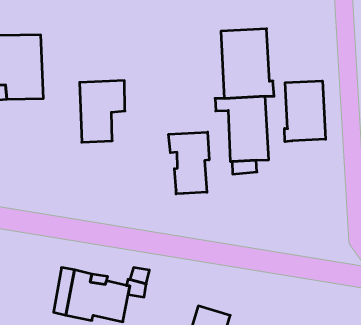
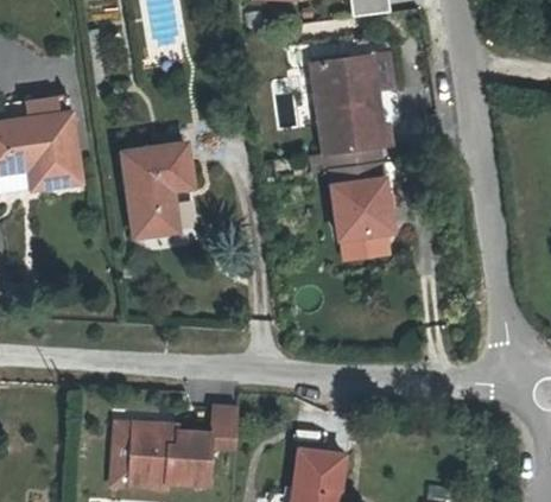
building: [285,81,326,142] -> none
building: [169,132,209,194] -> none

